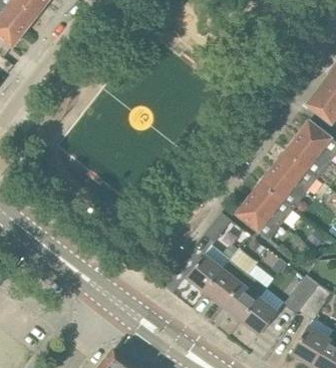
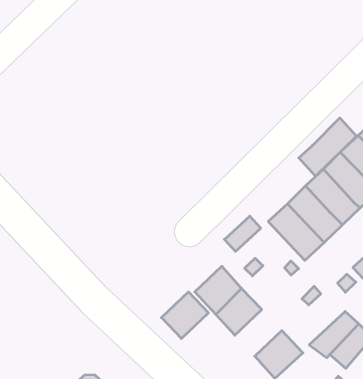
building: none -> [299,118,357,176]
building: [223,283,259,320] -> [161,292,208,339]

